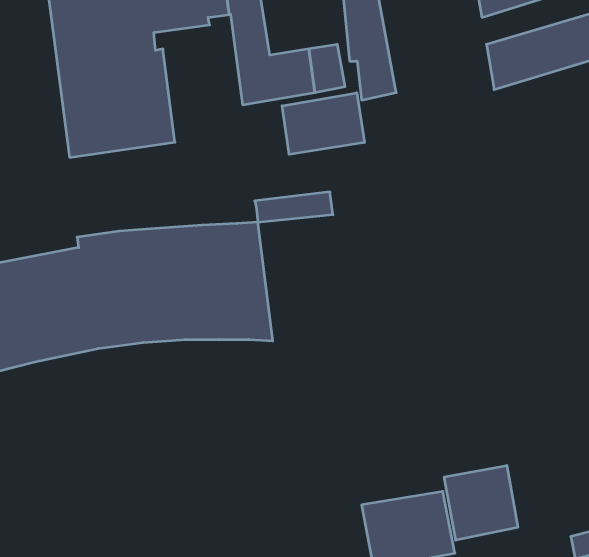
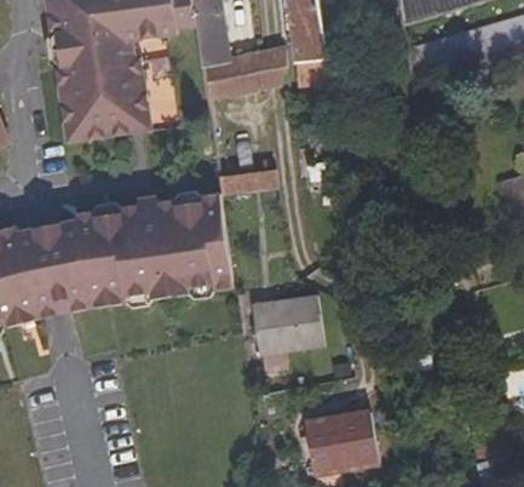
building: [282,93,364,154] -> none
building: none -> [251,293,322,355]
building: [444,465,518,540] -> none

